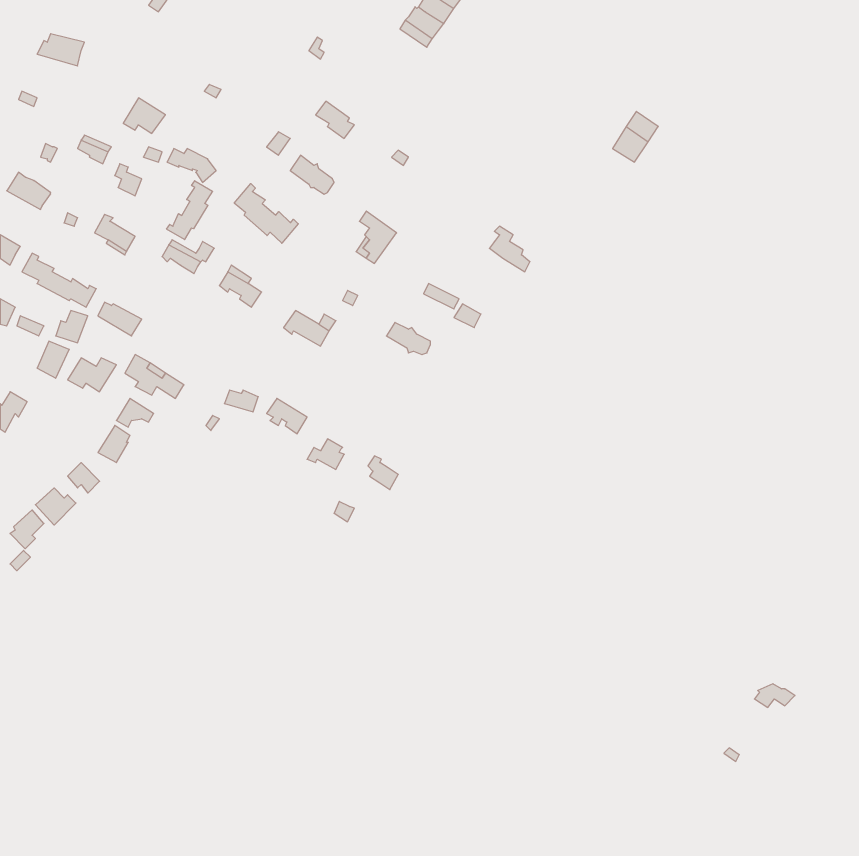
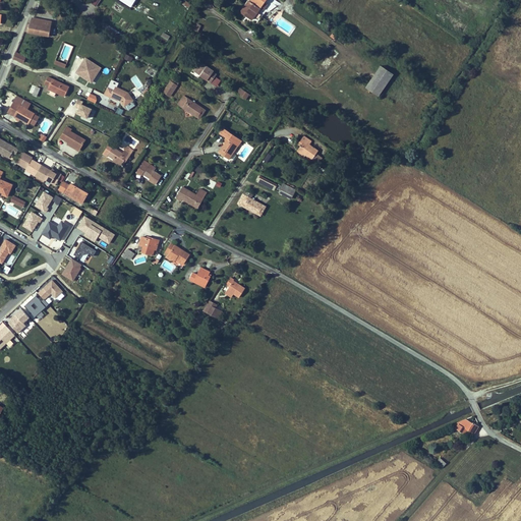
building: [167,181,213,240] -> none
building: [234,184,298,243] -> none

